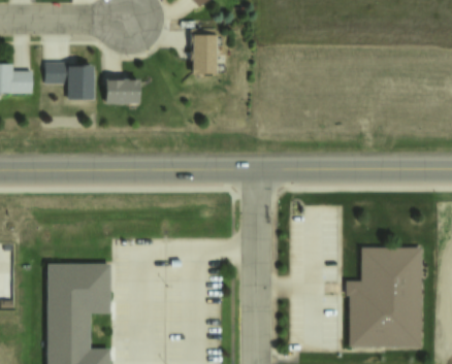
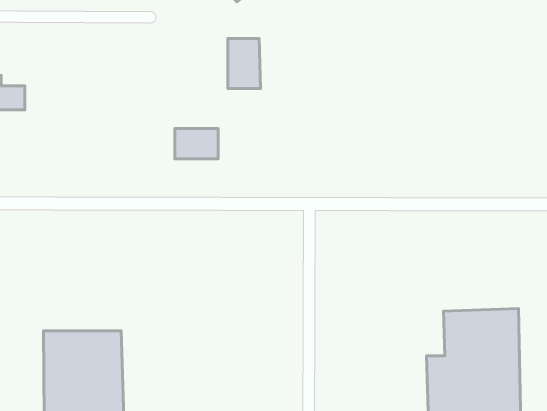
building: [46,65,92,99] -> none
building: [106,78,140,102] -> [175,129,218,159]

